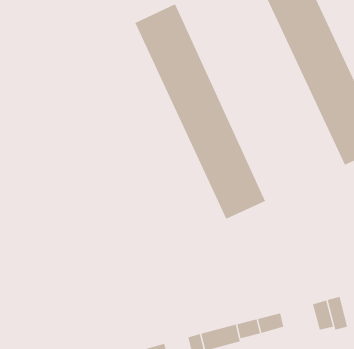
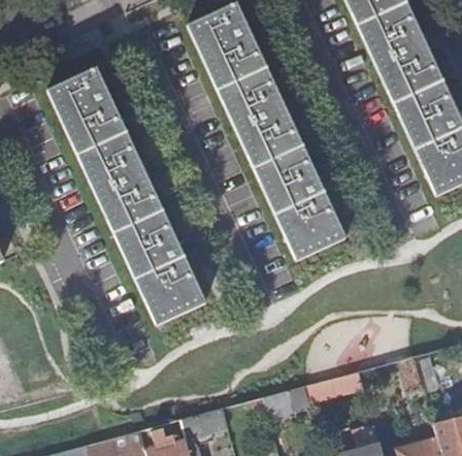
building: none -> [48,70,205,326]

